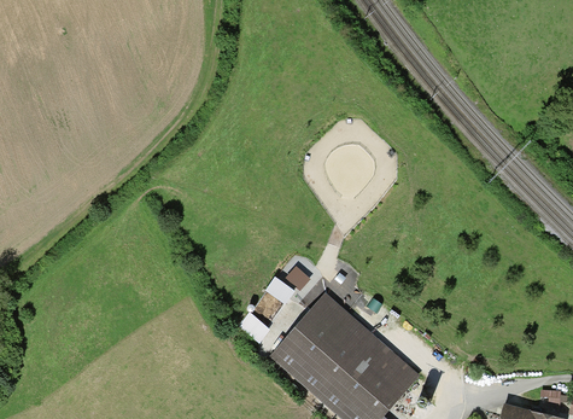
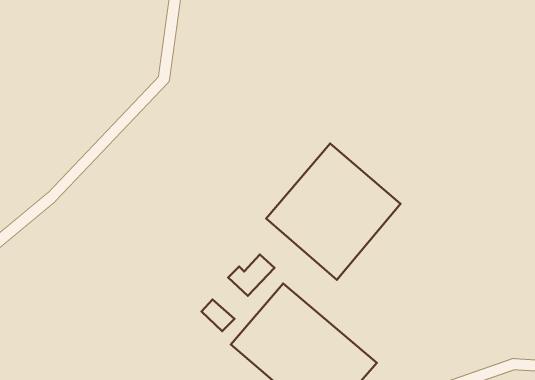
building: none -> [266,144,401,280]

